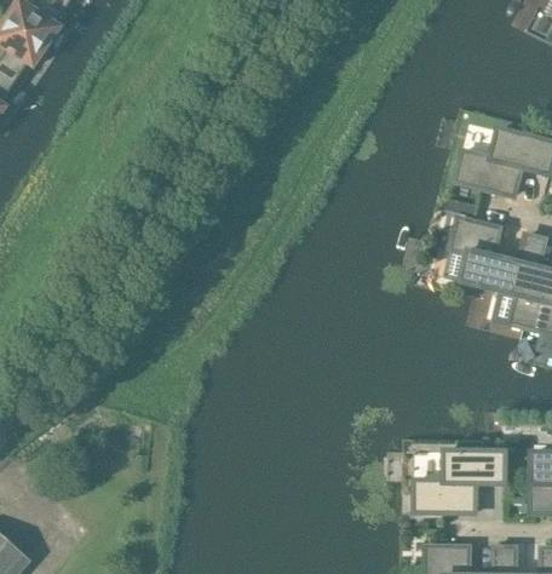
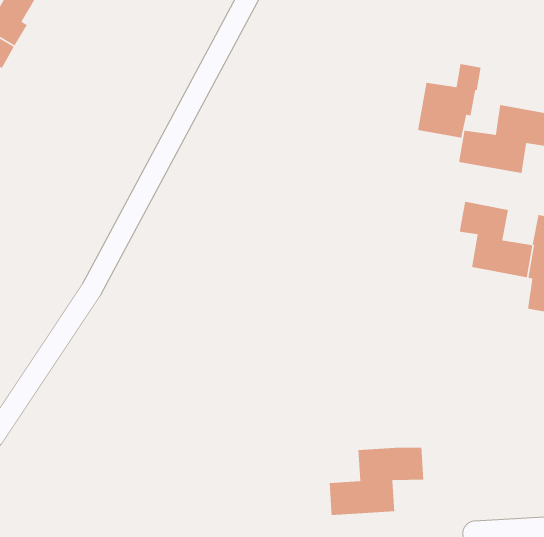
building: none -> [417,63,481,139]
building: [414,452,504,512] -> [329,447,424,516]

